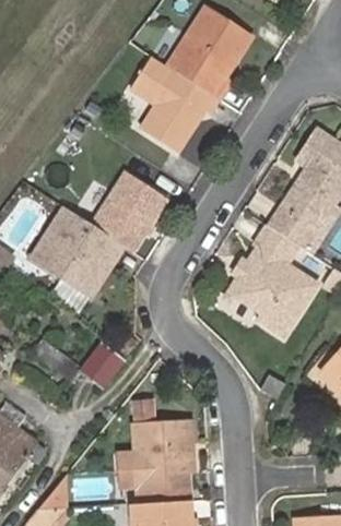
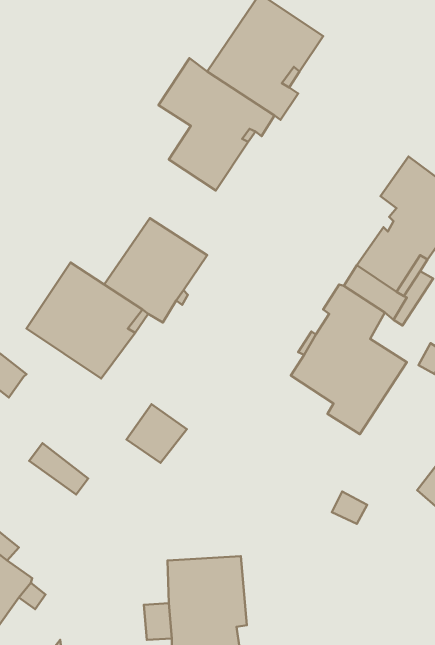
building: [80,345,125,388] -> [127,404,187,463]

